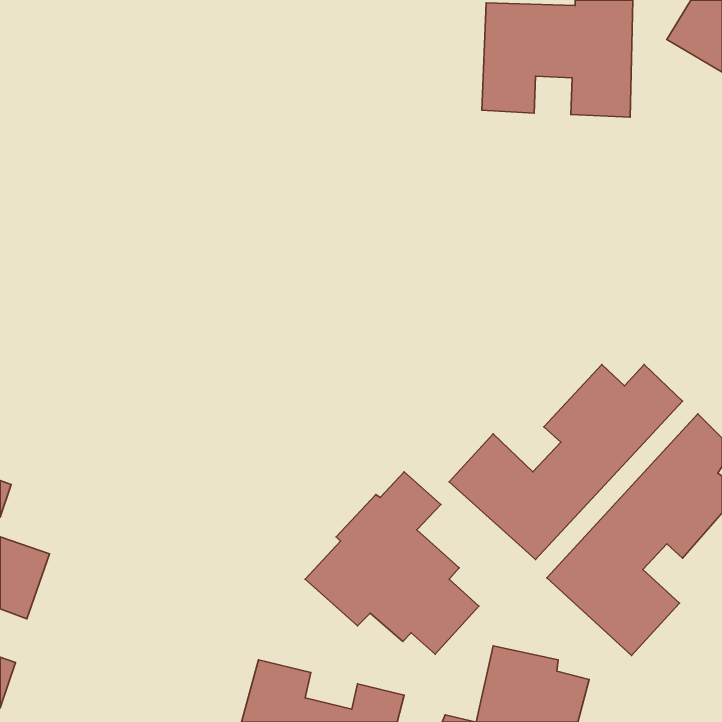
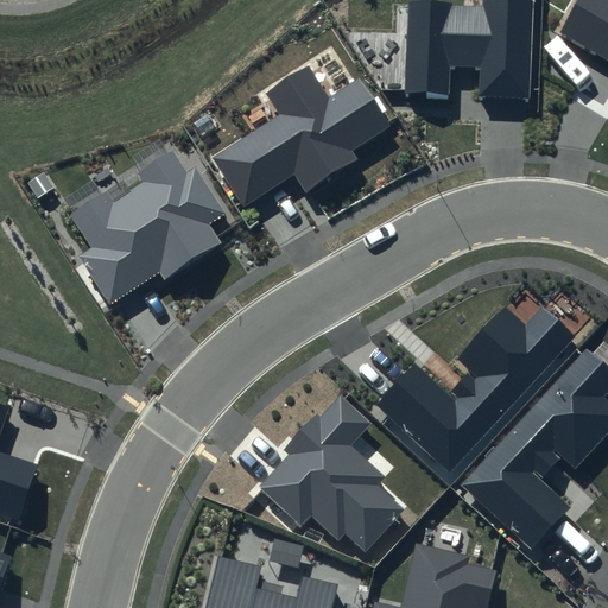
building: none -> [211,64,392,207]
building: none -> [70,152,227,304]

